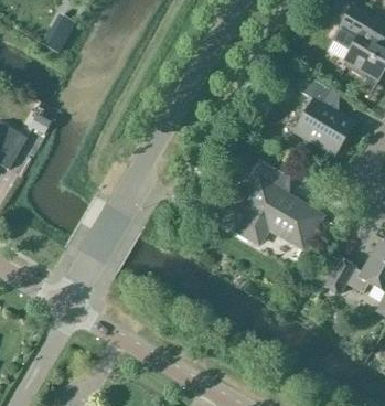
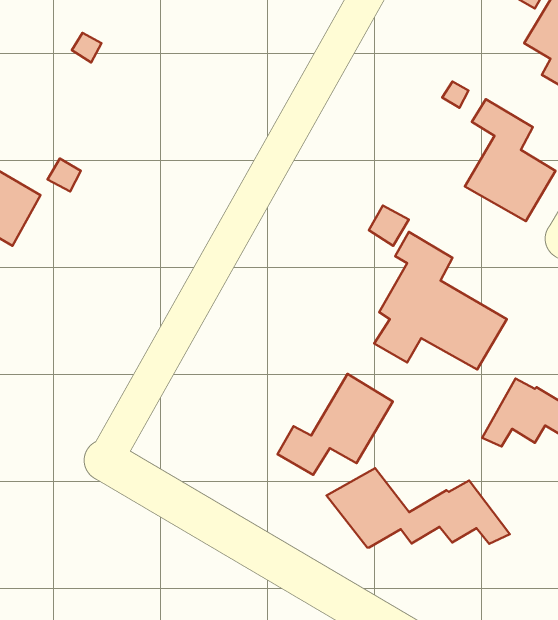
building: none -> [277,374,393,475]
building: none -> [327,468,510,548]

